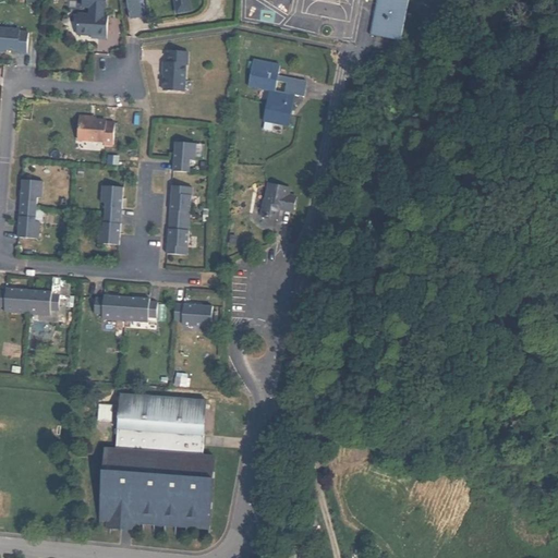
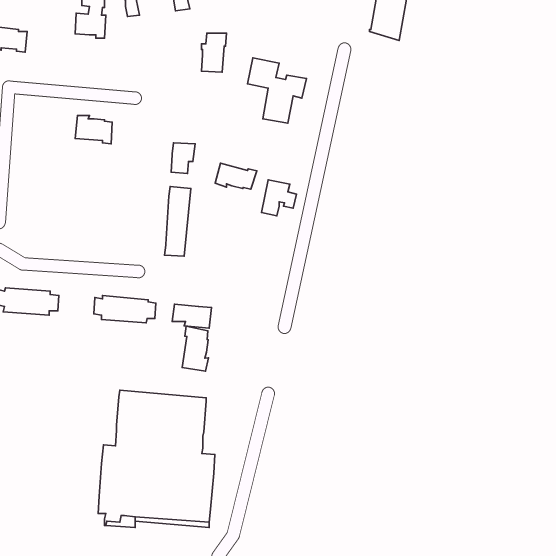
building: [161,52,186,92] -> [201,33,227,72]
building: none -> [215,163,257,189]
building: [14,179,40,238] -> none
building: [94,185,121,244] -> none
building: none -> [182,326,209,371]

